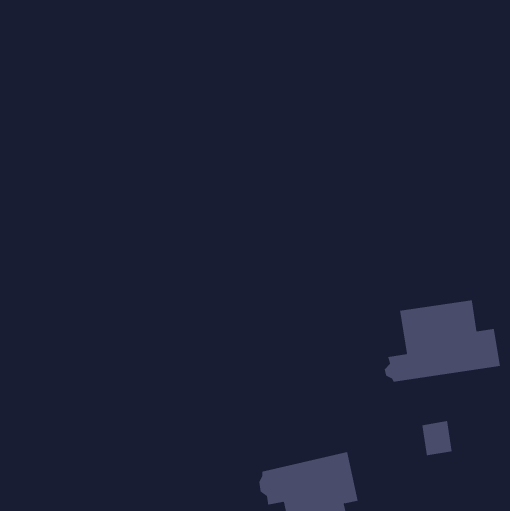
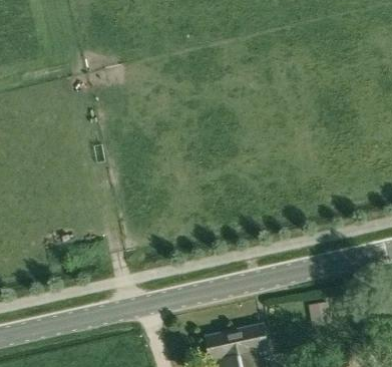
building: [384,300,501,383] -> none

